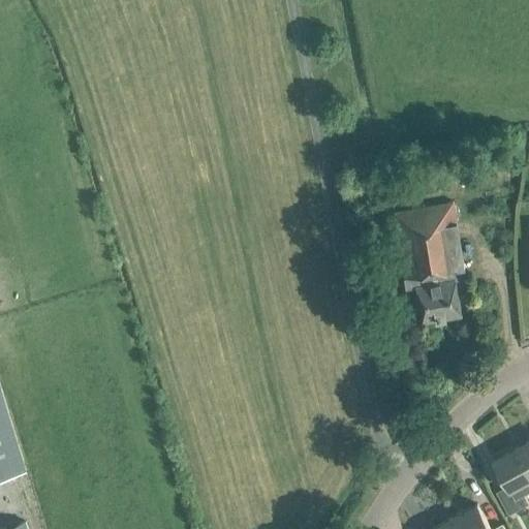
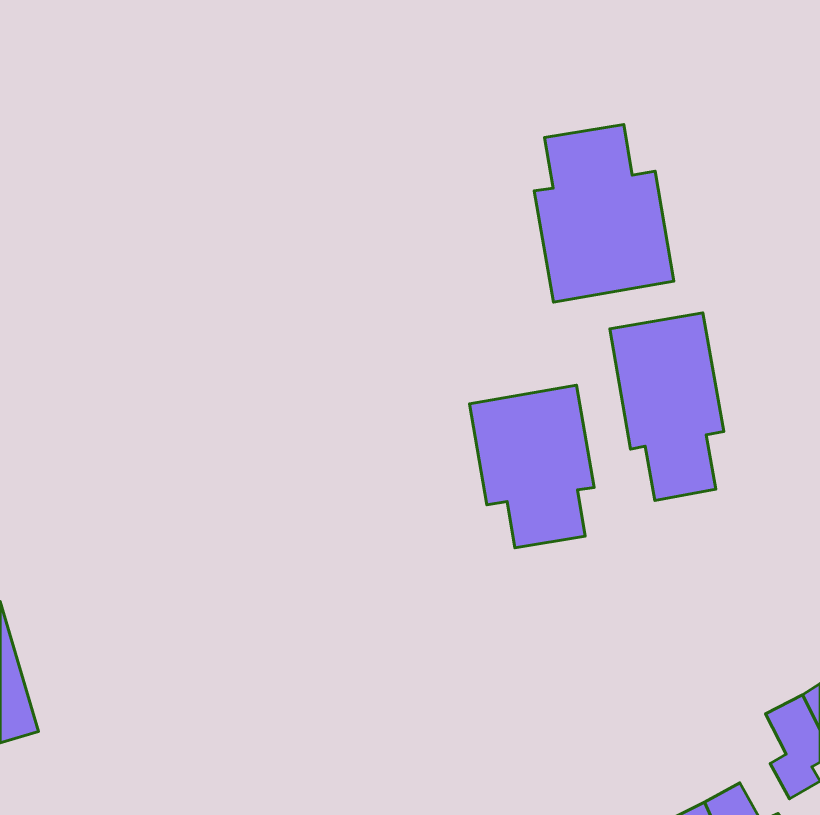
building: none -> [534,124,674,302]
building: none -> [469,385,594,548]

